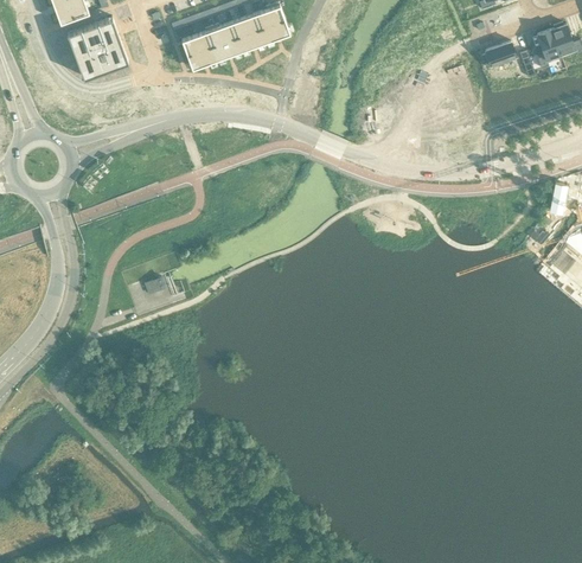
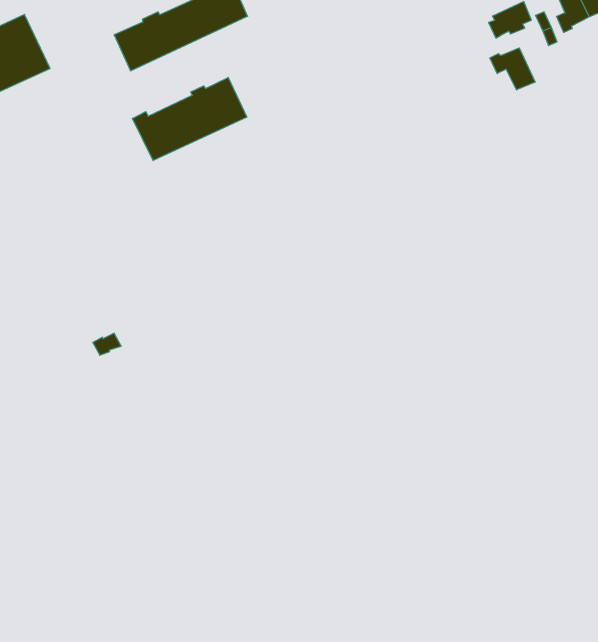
building: none -> [490,48,535,90]
building: none -> [132,77,247,161]

